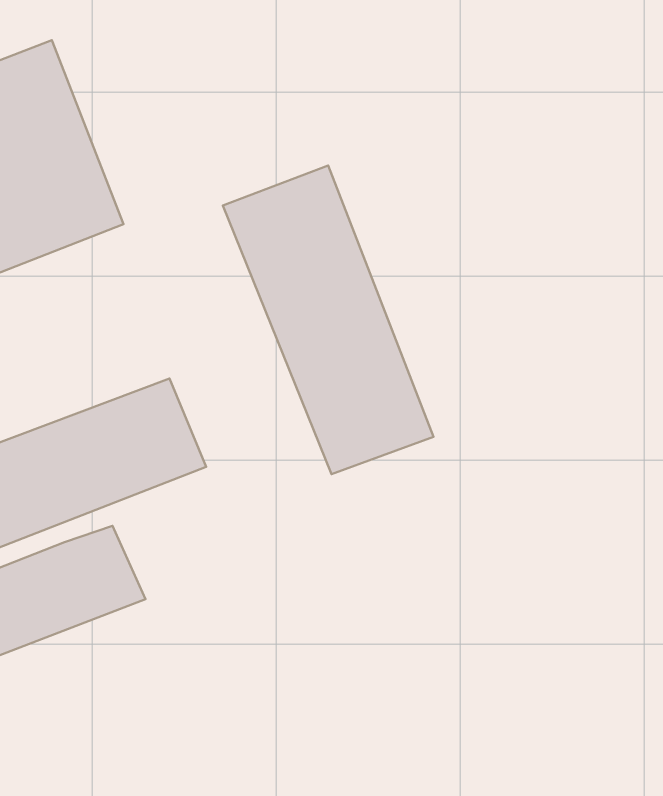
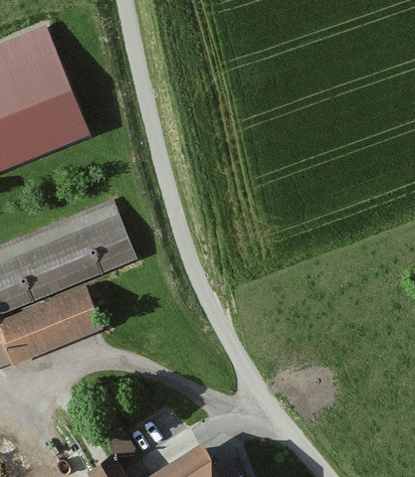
building: [223,166,434,474] -> none

